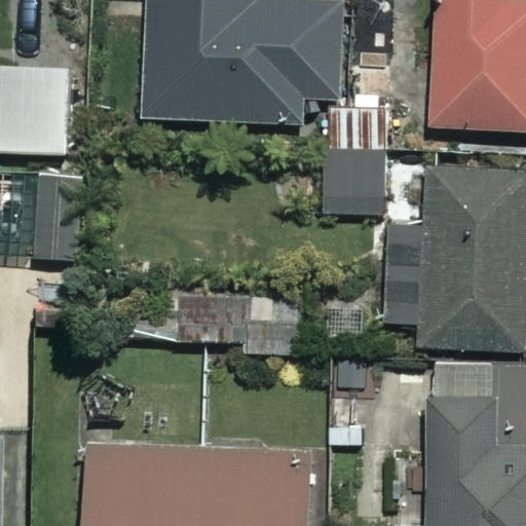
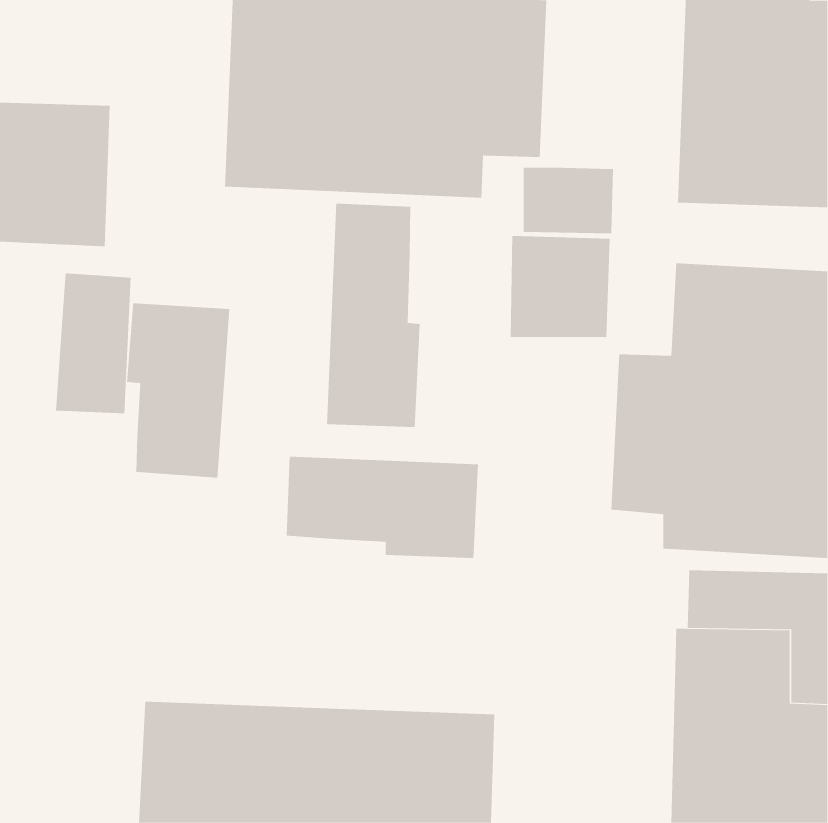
building: none -> [326,203,420,428]
building: none -> [127,303,230,479]

